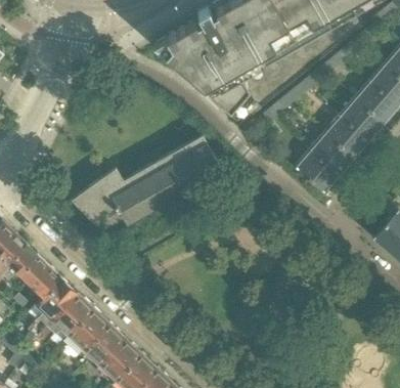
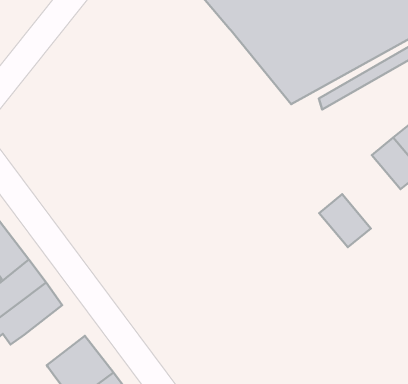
building: [71,134,221,222] -> none
building: [296,150,338,190] -> [319,194,371,247]
building: [66,306,114,354] -> none

